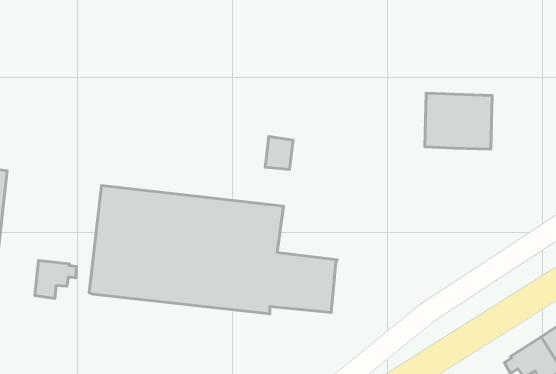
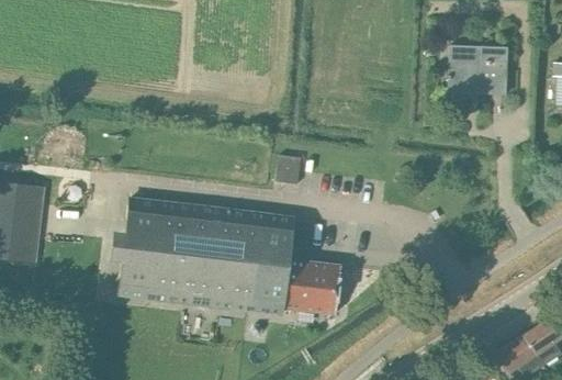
building: [425,93,492,149] -> [447,45,507,96]
building: [35,260,76,298] -> none

